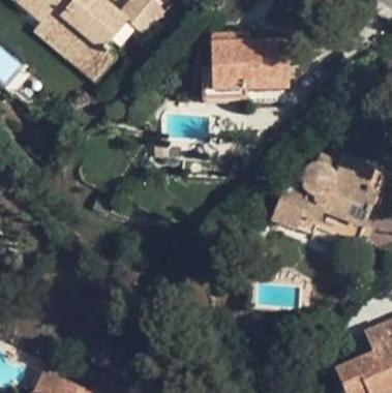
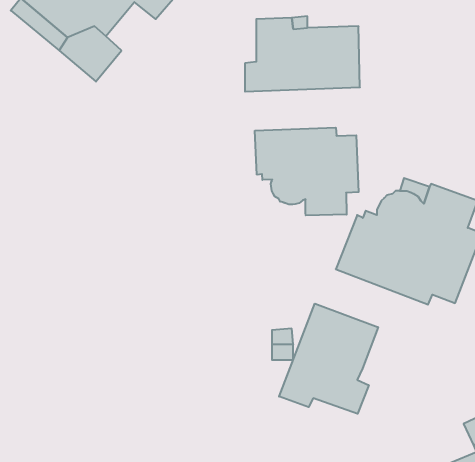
building: none -> [255,128,359,215]
building: none -> [279,304,378,414]

